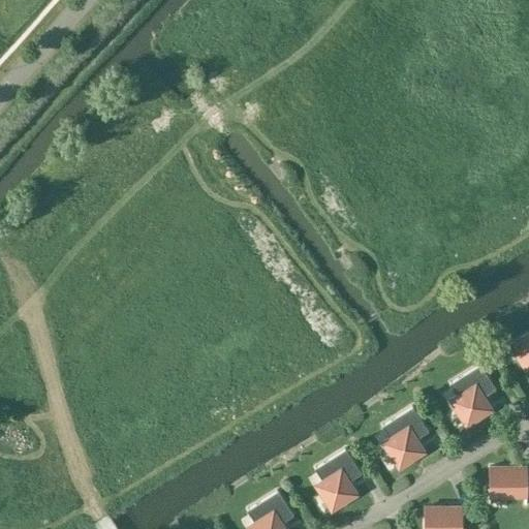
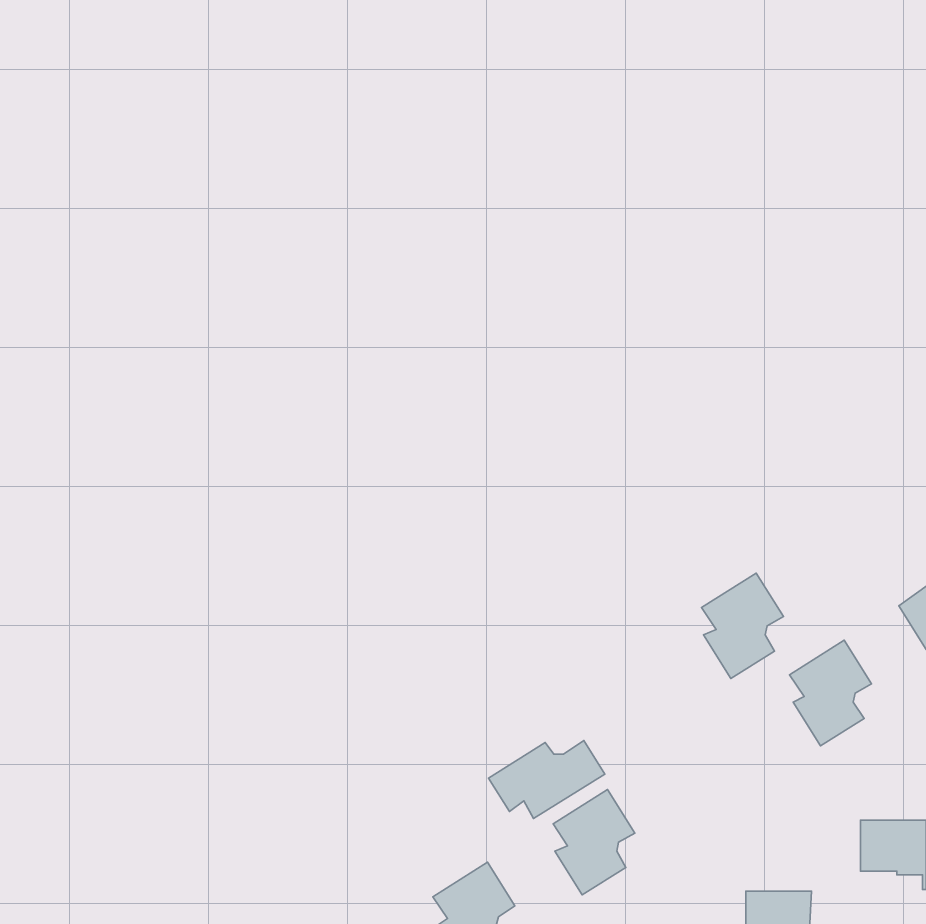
building: [383,409,430,469] -> [702,573,783,679]
building: none -> [488,741,605,818]

